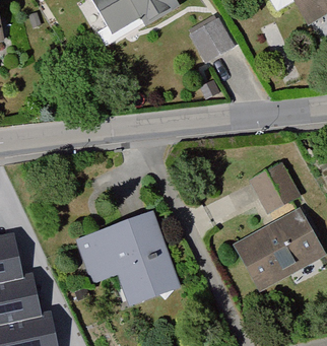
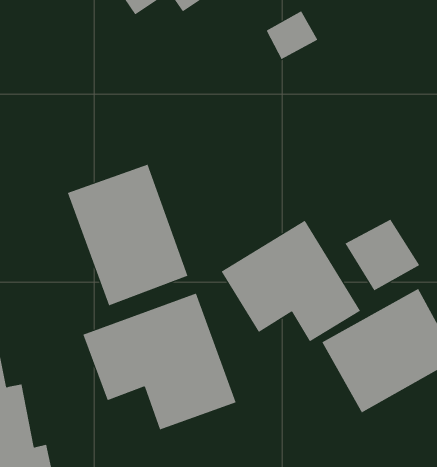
building: none -> [67,164,188,306]
building: none -> [221,220,361,342]

